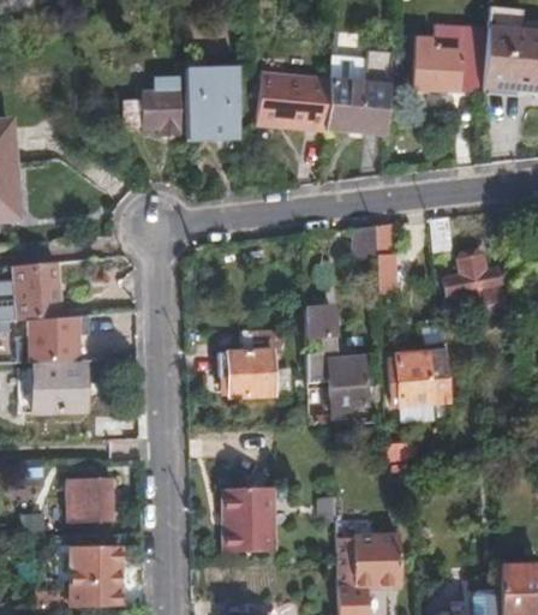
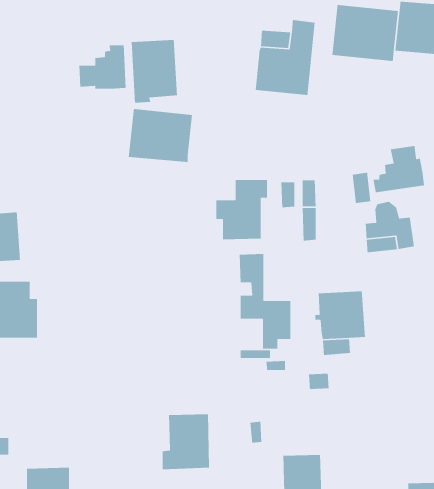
building: [256,72,329,133] -> [128,108,193,163]
building: none -> [372,145,425,193]
building: [223,329,282,398] -> [216,179,268,240]
building: [66,478,110,521] -> none

